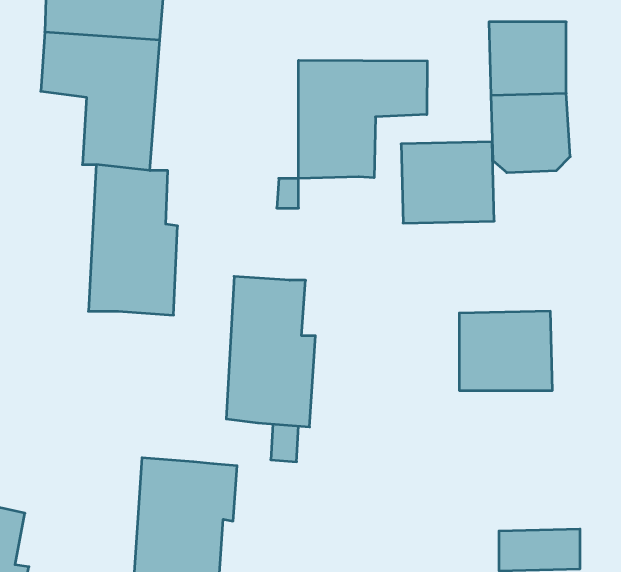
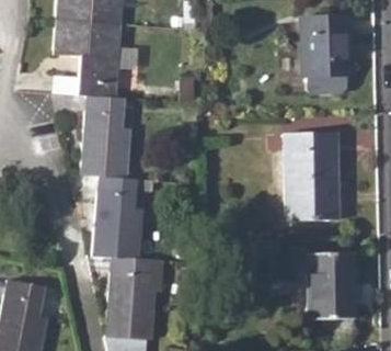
building: [299,60,427,178] -> none
building: [401,142,494,223] -> [285,132,336,177]
building: [226,276,315,427] -> [93,176,142,259]
building: none -> [308,253,353,297]

